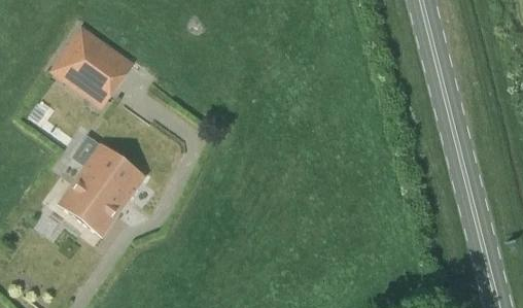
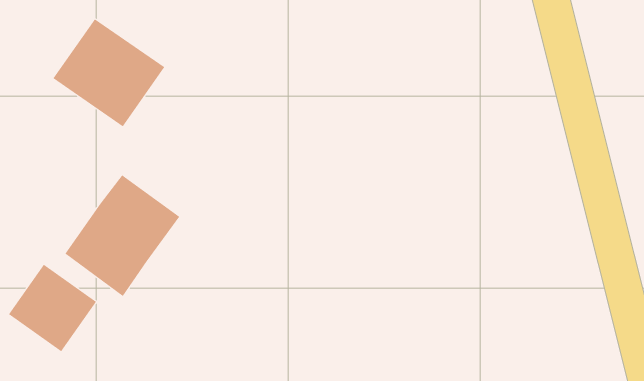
building: none -> [8,264,97,352]

